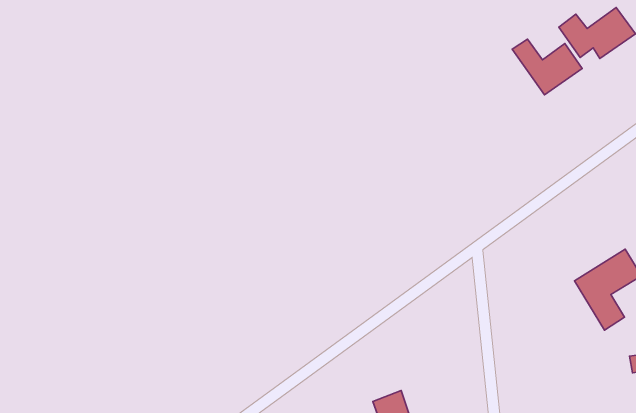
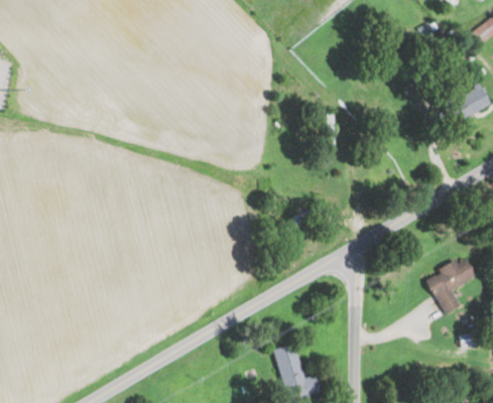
building: [512,39,582,95] -> none

